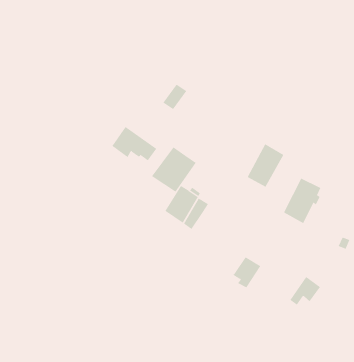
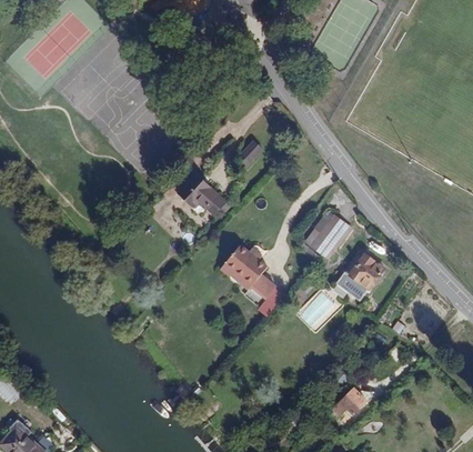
building: [151,147,196,192] -> none
building: [233,256,261,288] -> [245,273,275,305]
building: [290,276,321,305] -> [332,386,365,414]

